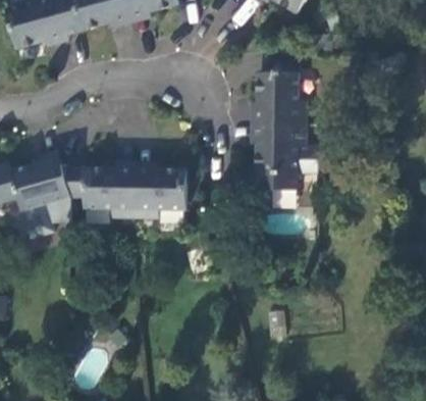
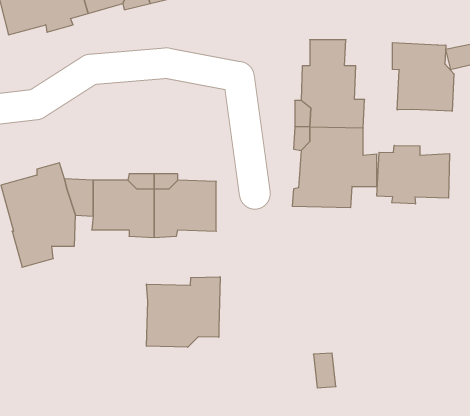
building: none -> [392,43,454,111]
building: none -> [377,145,449,204]
building: none -> [147,277,220,347]

